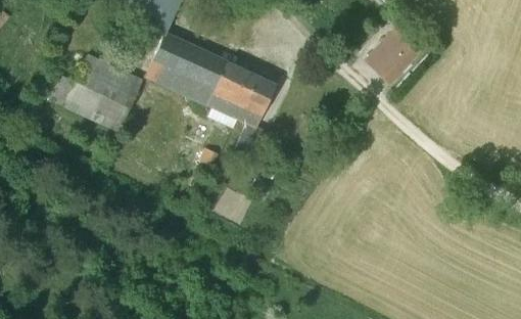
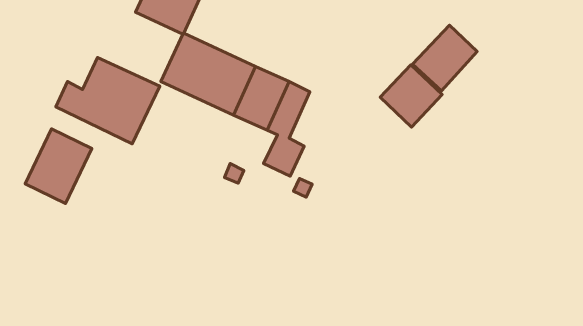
building: none -> [380,65,442,127]
building: none -> [25,129,92,204]

